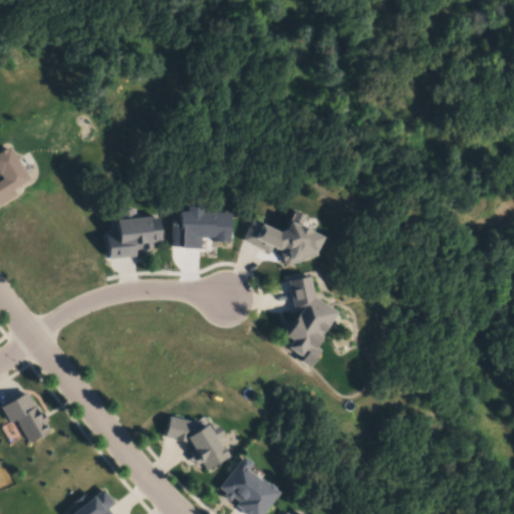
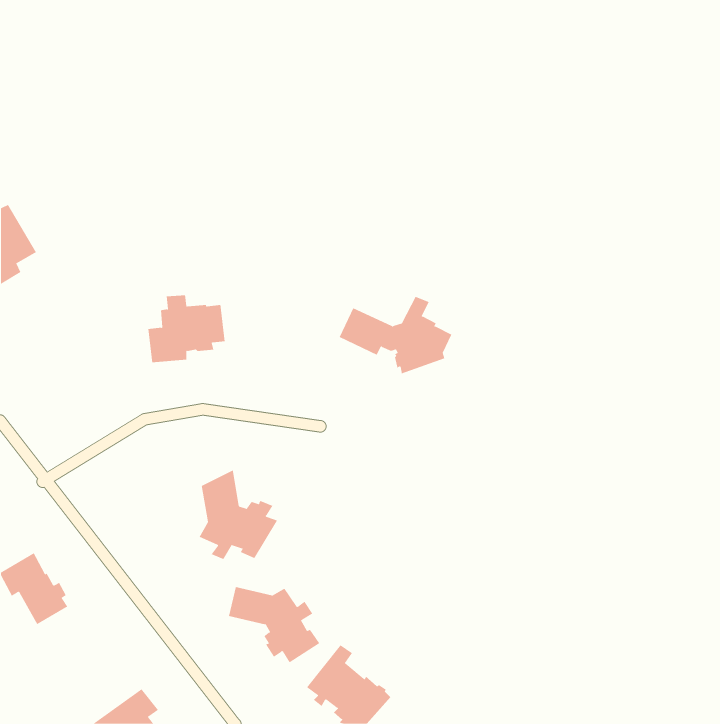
building: [173,201,232,248] -> none
building: [286,275,339,367] -> none
building: none -> [199,469,278,560]

